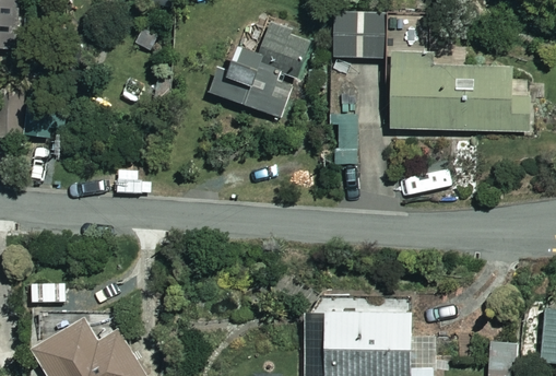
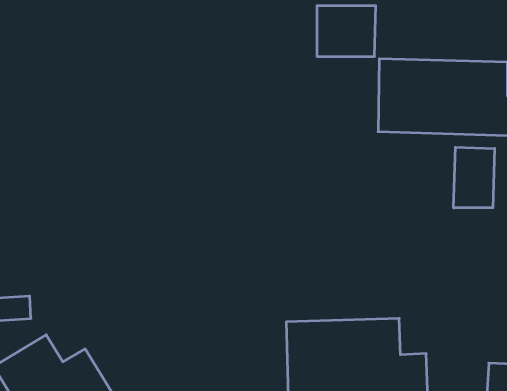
building: [210,23,310,118] -> none
building: none -> [454,147,495,208]

